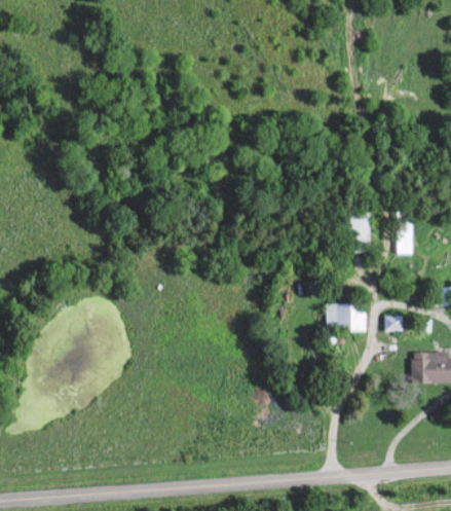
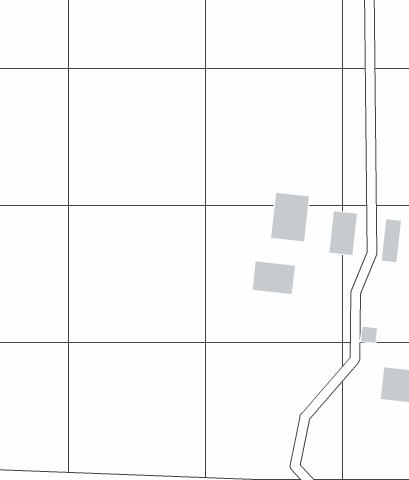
building: none -> [271,192,309,242]
building: [327,303,366,331] -> [252,261,296,295]

